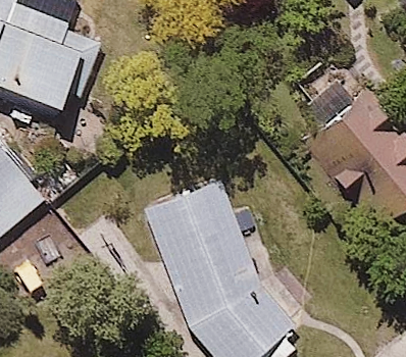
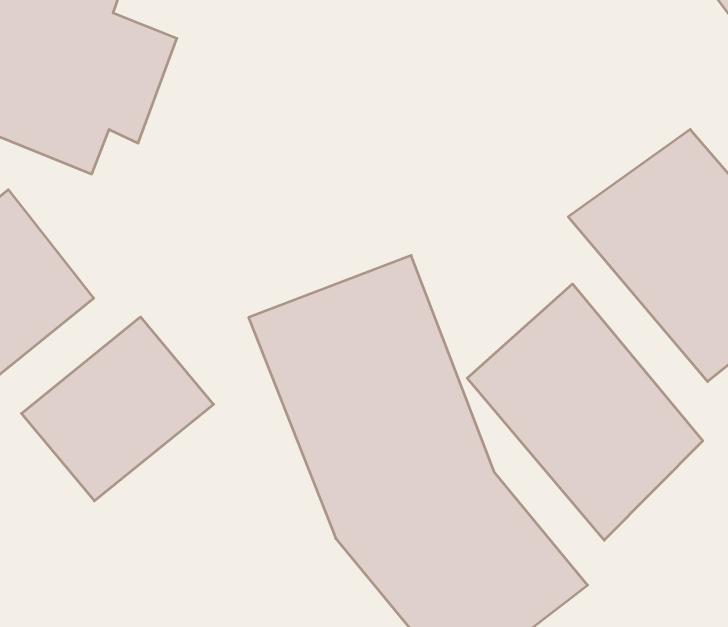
building: none -> [467,284,703,540]
building: none -> [21,317,214,501]

